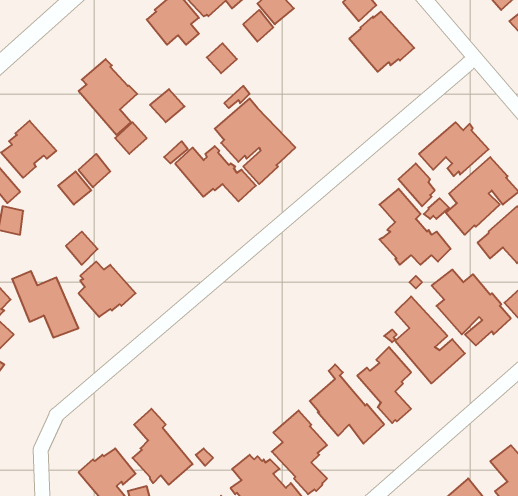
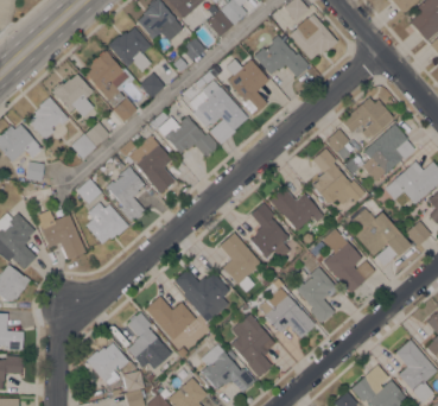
building: none -> [108,27,151,71]
building: none -> [254,34,310,77]
building: none -> [226,58,268,116]
building: none -> [51,74,94,116]
building: none -> [134,134,176,194]
building: none -> [106,165,145,222]
building: none -> [269,188,324,230]
building: none -> [249,202,290,259]
building: none -> [218,231,261,292]
building: none -> [173,268,229,316]
building: none -> [145,296,196,340]

